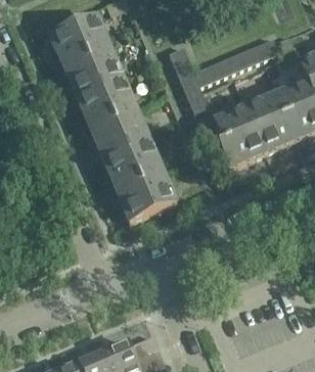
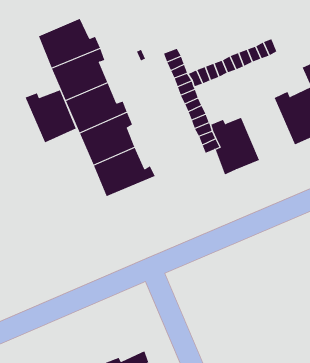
building: none -> [25,89,76,143]
building: [243,94,294,153] -> none
building: [115,169,169,220] -> none

